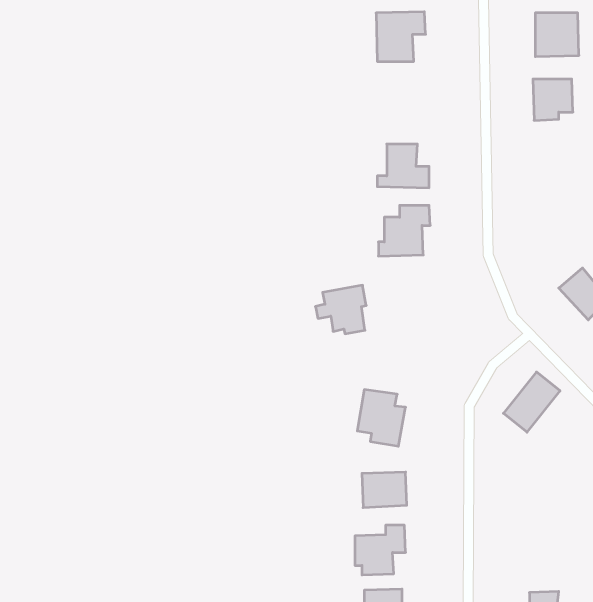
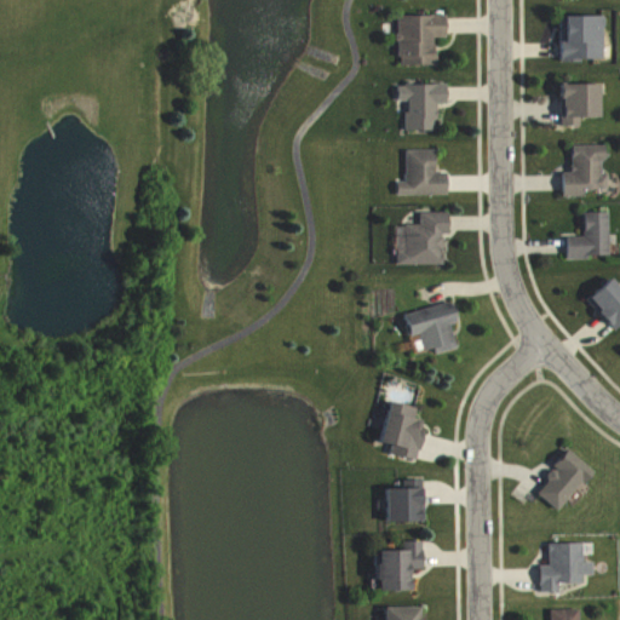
building: none -> [397,84,449,130]
building: none -> [562,144,608,195]
building: none -> [566,211,610,258]
building: [315,285,366,334] -> [407,302,459,351]
building: [503,372,560,432] -> [535,449,593,511]
building: none -> [541,542,596,591]

